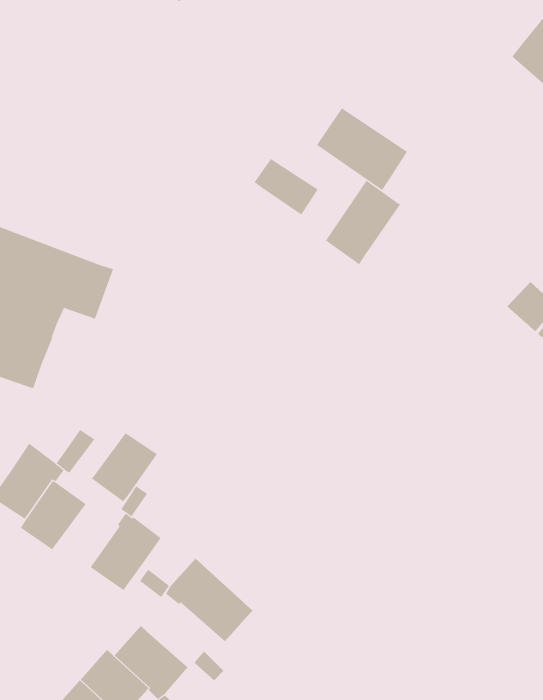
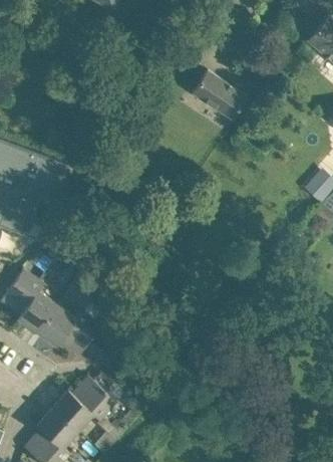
building: [254,158,318,215] -> none
building: [325,180,401,265] -> none
building: [91,432,158,502] -> [36,303,75,344]
building: [165,558,254,642] -> none

